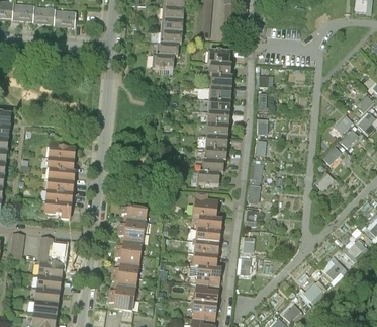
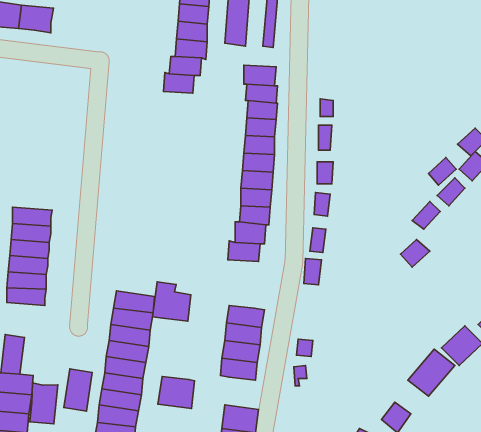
building: [191,190,217,218] -> [153,282,191,321]
building: none -> [64,369,92,411]
building: [195,265,220,288] -> [158,376,195,409]
building: none -> [30,383,58,424]

